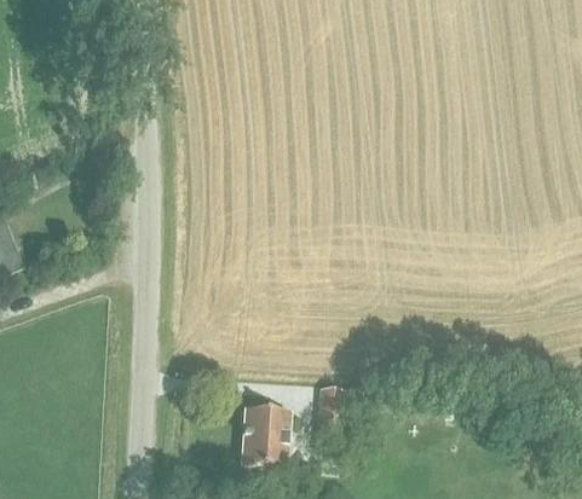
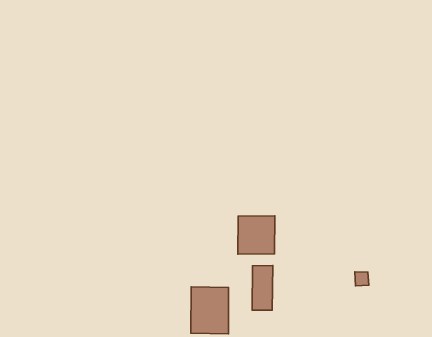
building: none -> [238,216,275,254]

